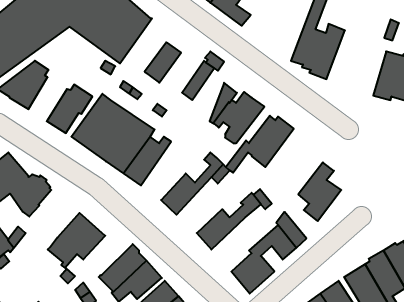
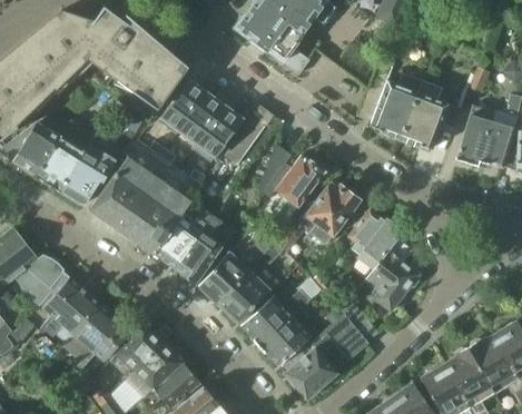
building: none -> [401,80,461,148]
building: none -> [158,81,206,135]
building: none -> [191,107,242,164]
building: none -> [38,119,98,190]
building: none -> [347,210,401,269]
building: none -> [175,215,234,284]
building: none -> [218,272,268,323]
building: none -> [39,274,100,343]
building: none -> [260,307,311,366]
building: none -> [115,322,165,377]

